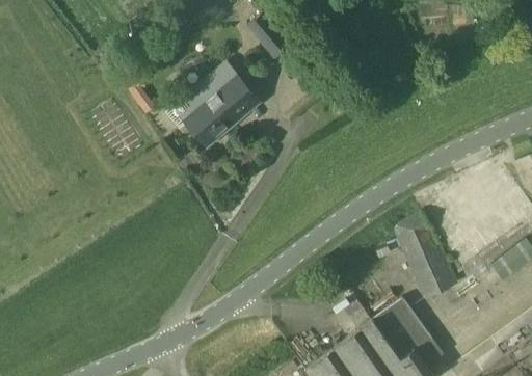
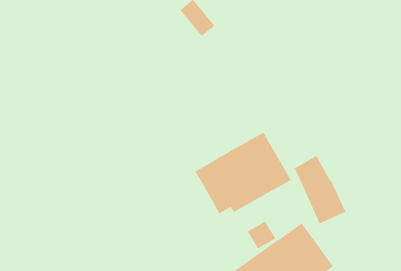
building: [164,61,260,149] -> none
building: none -> [195,132,292,214]

